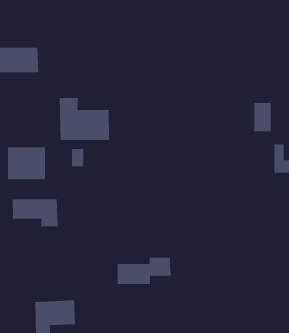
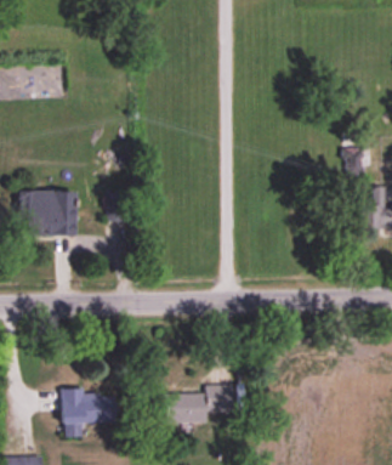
building: [59,97,110,141] -> none
building: [12,198,58,227] -> none
building: [117,257,171,285] -> [164,386,234,423]

